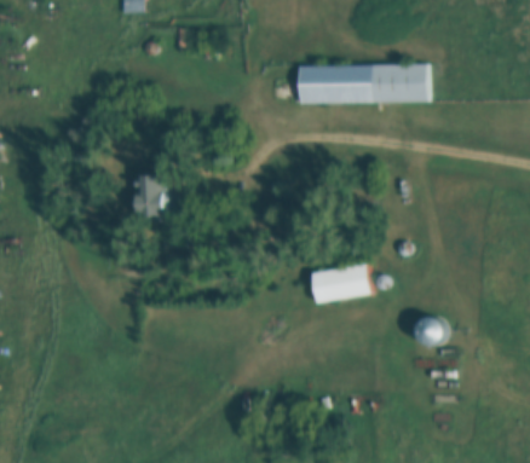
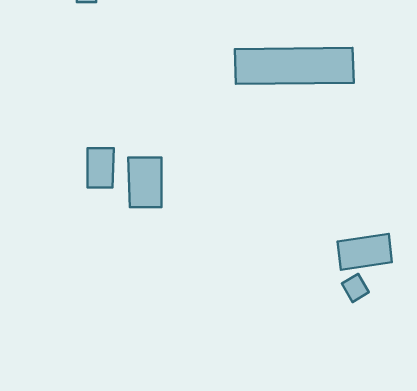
building: none -> [128,157,161,207]
building: [311,264,371,303] -> [337,234,392,270]

